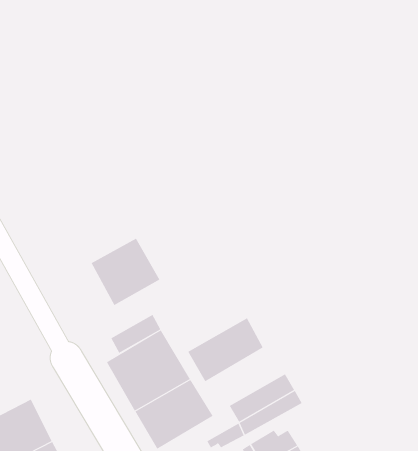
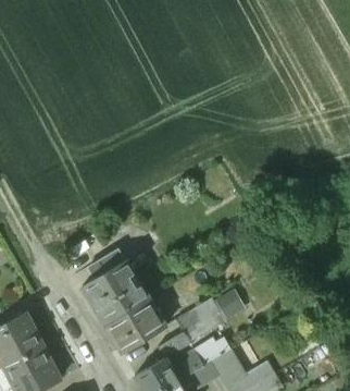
building: [91,238,160,306] -> none
building: [187,317,264,382] -> none

